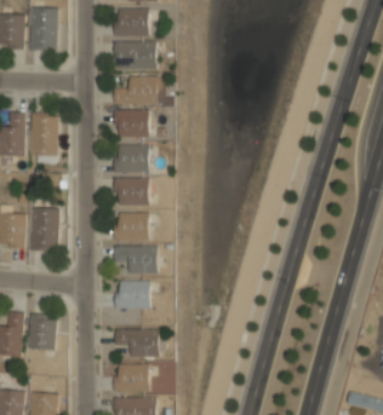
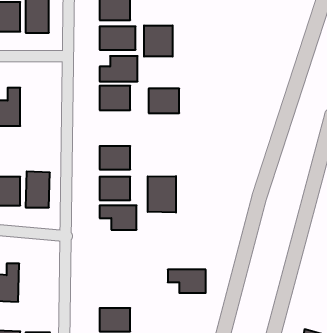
building: none -> [144,25,173,57]
building: [30,113,58,155] -> none
building: [115,143,150,171] -> [149,89,179,113]
building: none -> [148,176,176,213]
building: [116,279,150,307] -> none
building: [27,312,58,351] -> none
building: [116,329,160,356] -> [168,270,206,293]

